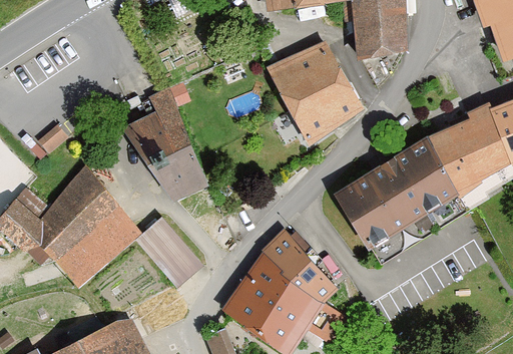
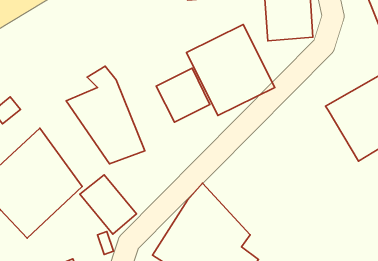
building: none -> [156,68,210,122]
building: [337,139,466,254] -> none

